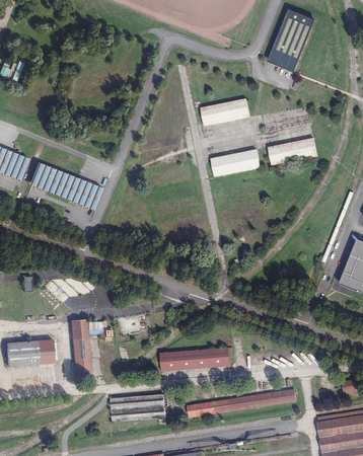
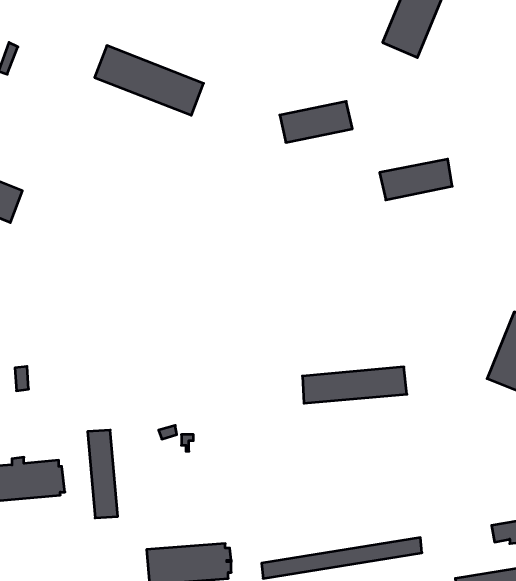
building: [210,148,259,175] -> none
building: [29,163,102,210] -> [95,46,204,115]
building: [160,347,230,371] -> [302,367,407,403]

